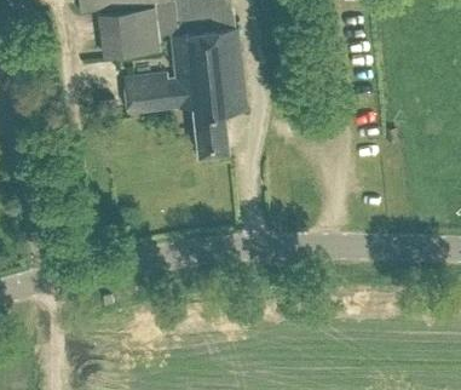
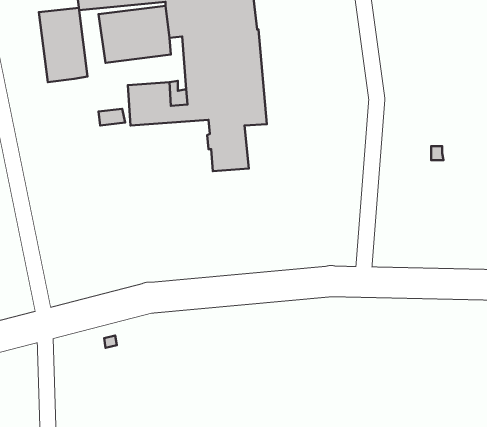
building: none -> [39,8,88,82]

